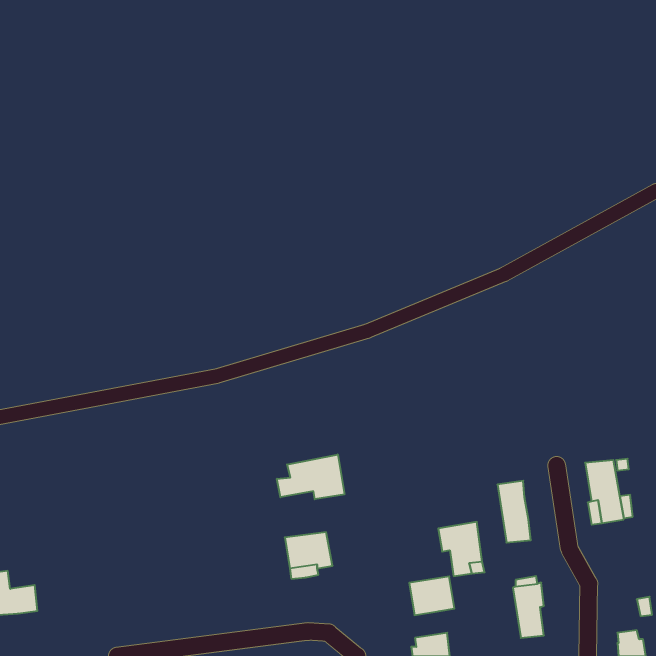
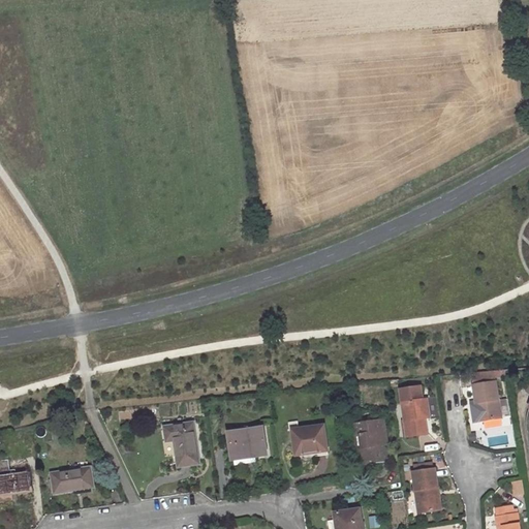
building: [277,454,344,499] -> none
building: none -> [164,422,197,464]
building: [409,576,454,615] -> [290,424,326,455]
building: none -> [51,467,92,493]

